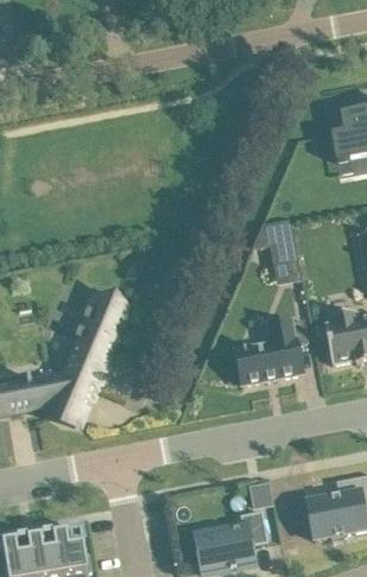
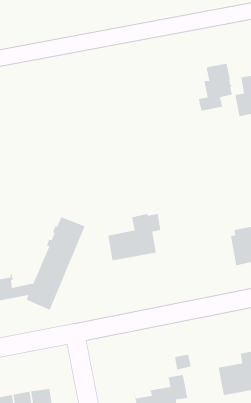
building: none -> [198,63,233,111]
building: [251,218,297,265] -> none
building: [234,319,306,383] -> [108,214,161,261]

